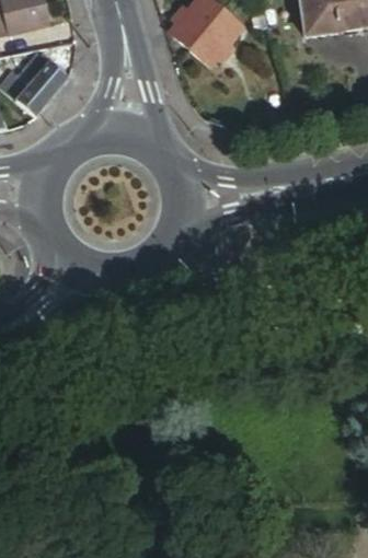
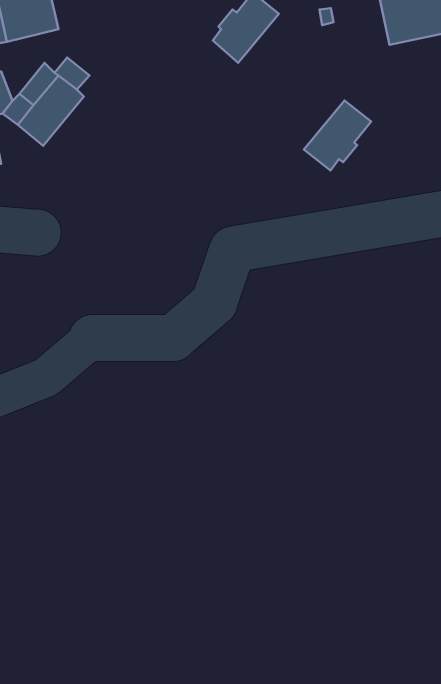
building: [188,12,241,67] -> [304,100,371,171]

